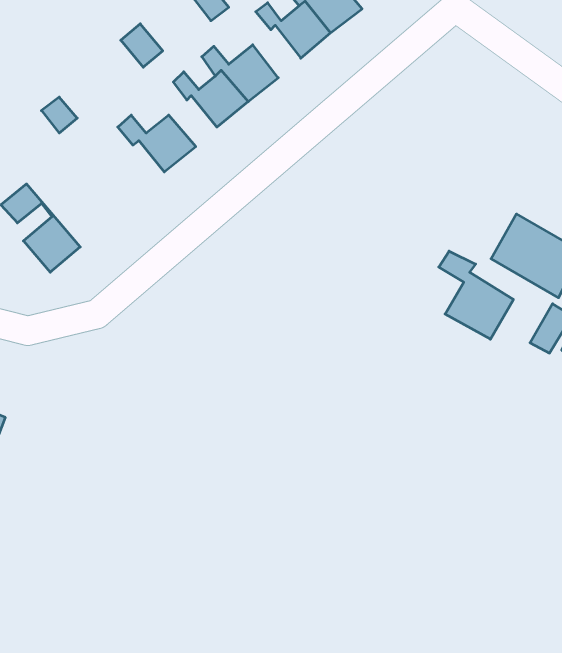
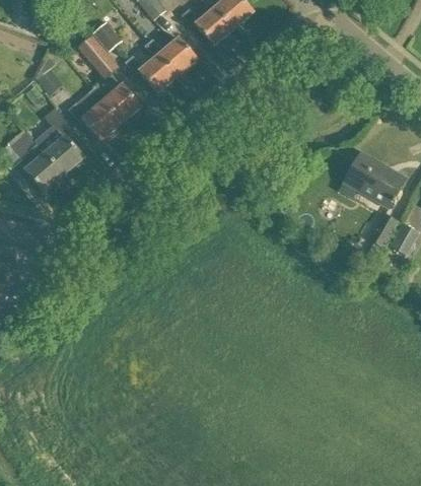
building: none -> [75,34,117,79]
building: none -> [70,101,121,139]
building: none -> [27,108,84,173]
building: [439,251,513,339] -> none

